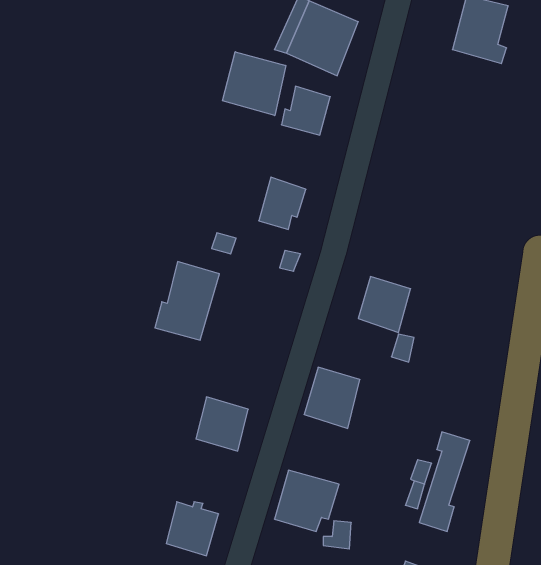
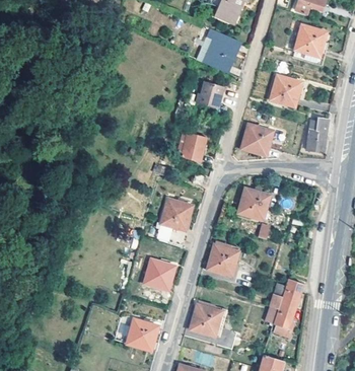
building: [223,52,286,116] -> none
building: none -> [270,75,301,106]
building: none -> [305,117,328,152]
building: none -> [241,125,272,155]
building: [155,262,219,340] -> [154,200,192,245]

